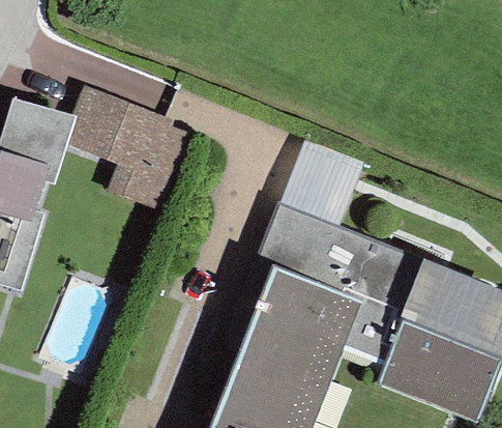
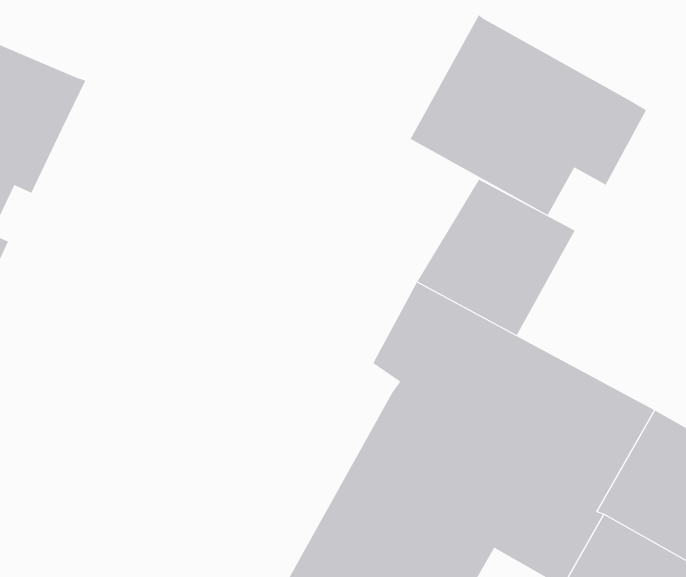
building: none -> [410,14,647,216]
building: [65,85,189,210] -> none

